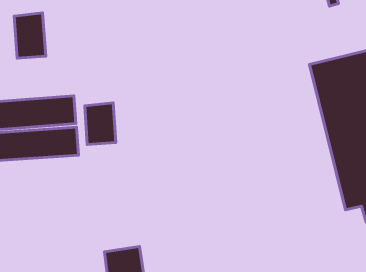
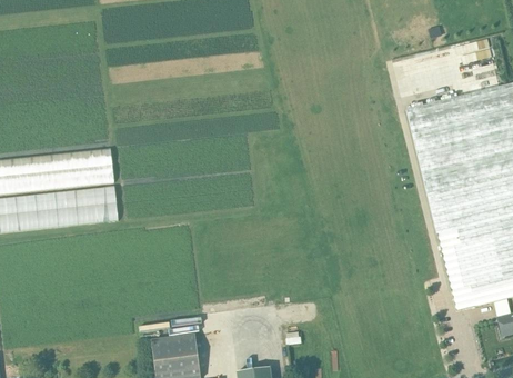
building: [14,13,46,58] -> none
building: [85,103,116,144] -> none

